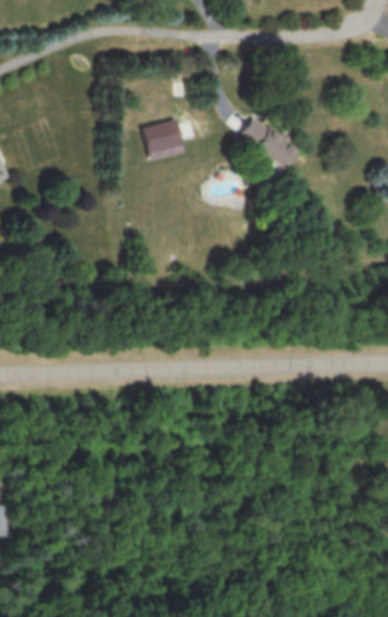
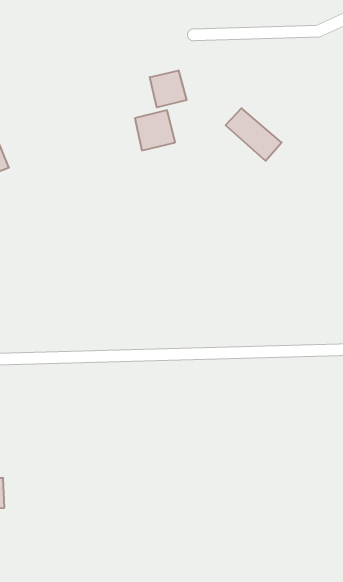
building: none -> [150,70,186,107]

